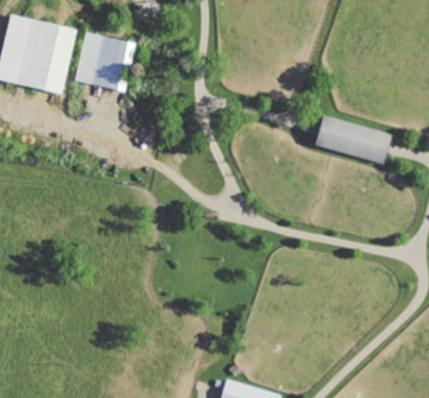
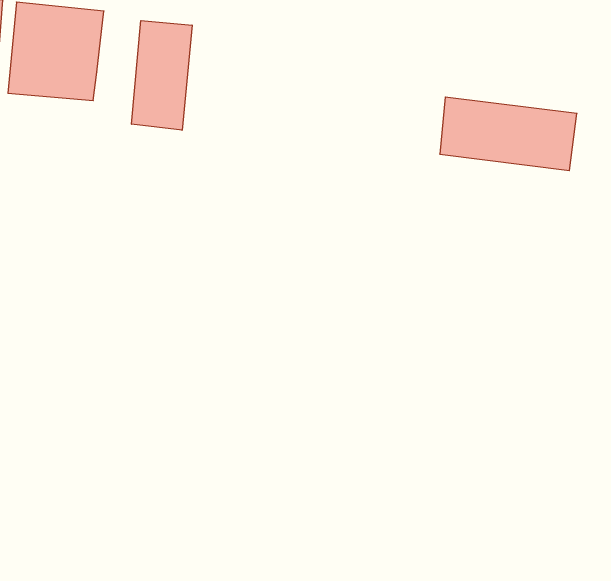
building: none -> [132,21,192,130]

